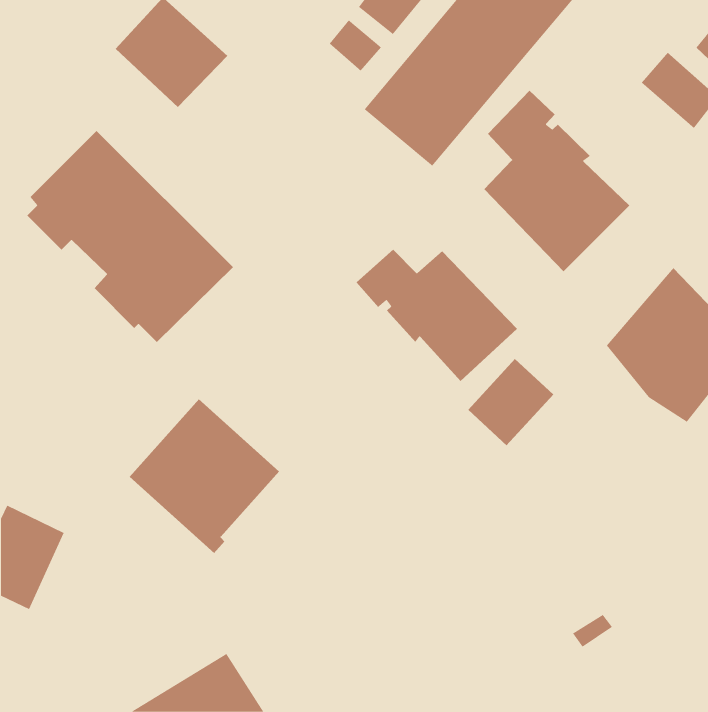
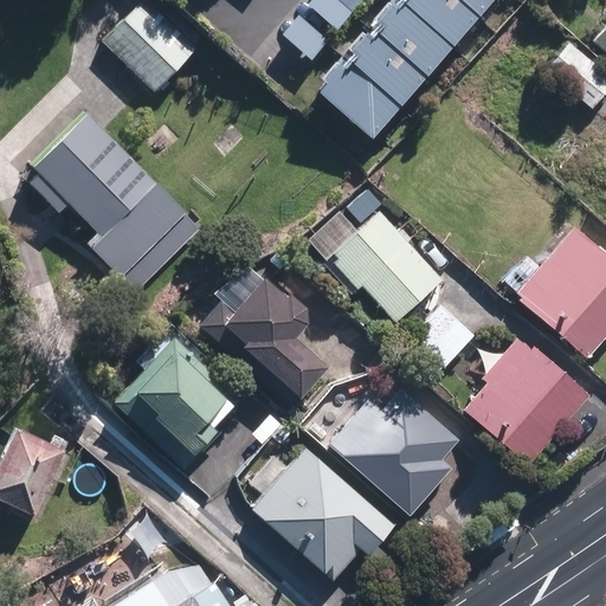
building: [483,90,630,272] -> none
building: none -> [201,272,325,405]
building: none -> [465,339,588,463]
building: none -> [329,387,458,515]
building: none -> [252,446,397,580]

